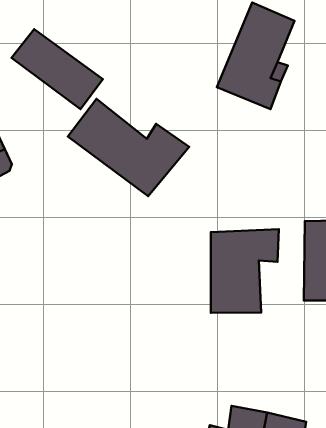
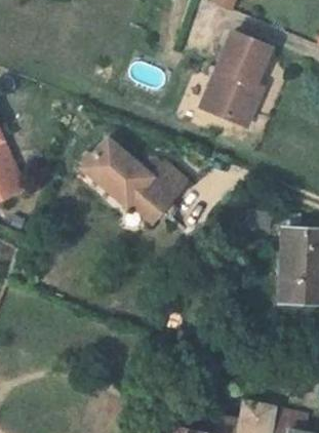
building: [11,29,103,109] -> none
building: [211,229,279,313] -> none

